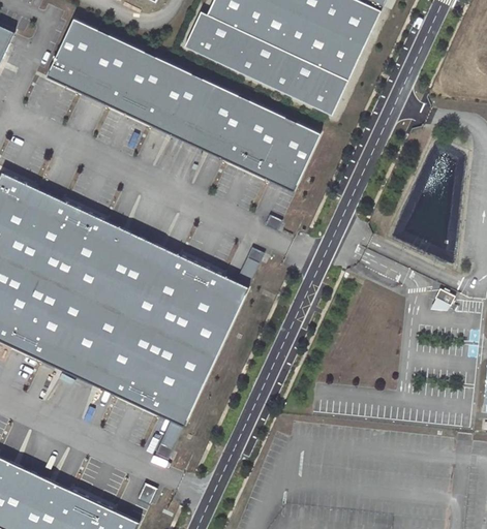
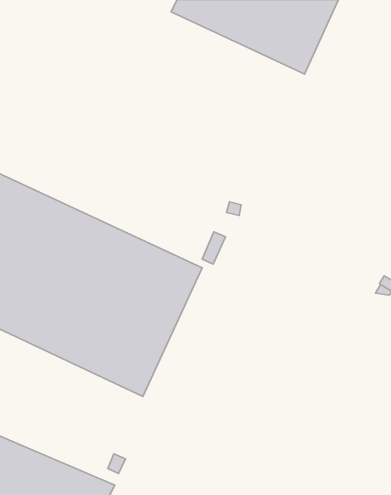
building: [182,11,346,113] -> none
building: [43,17,315,188] -> none

